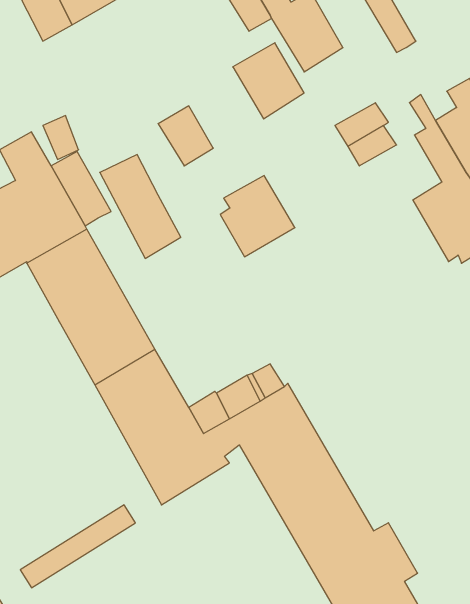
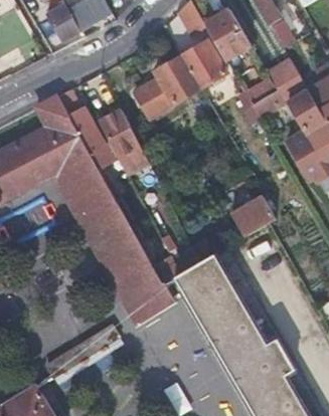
building: [220,176,295,257] -> [152,56,198,107]
building: none -> [230,195,274,236]

